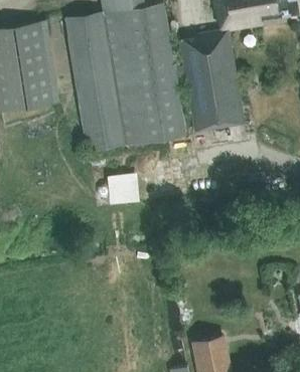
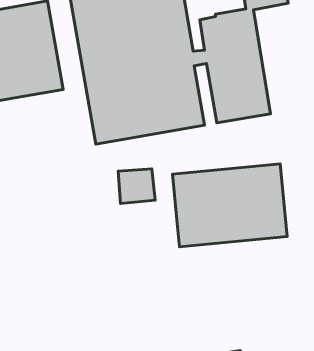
building: none -> [173,164,287,247]

